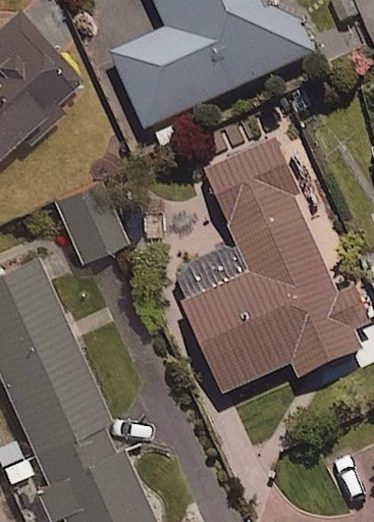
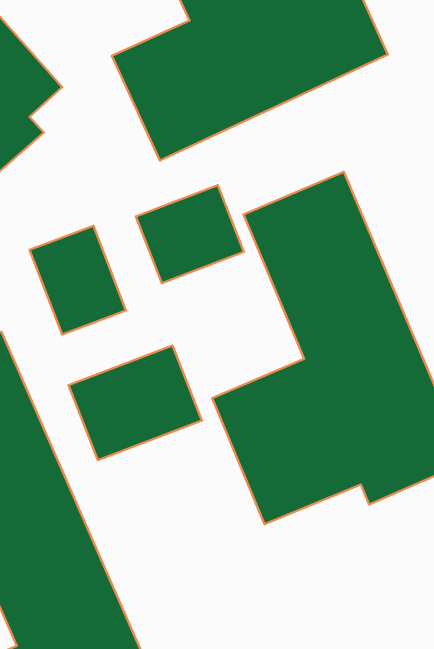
building: none -> [136,185,244,283]
building: none -> [68,345,202,460]

